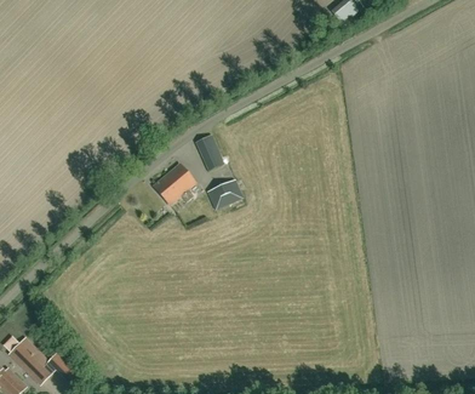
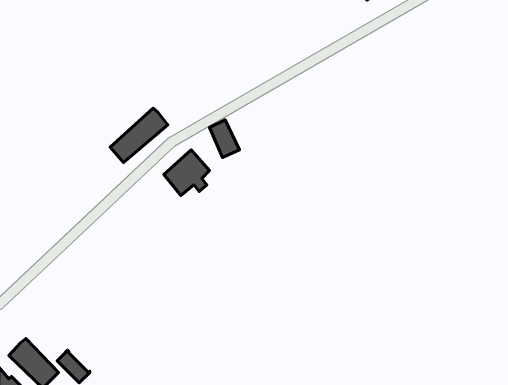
building: none -> [110,108,168,162]
building: [206,179,242,210] -> none

